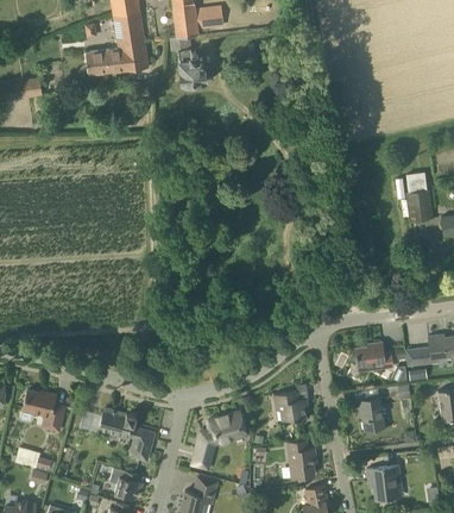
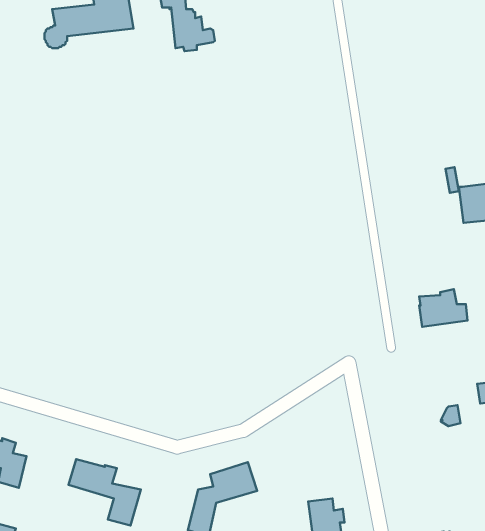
building: [355,342,393,371] -> [419,289,467,327]
building: [275,390,308,421] -> none
building: [357,398,392,430] -> none

